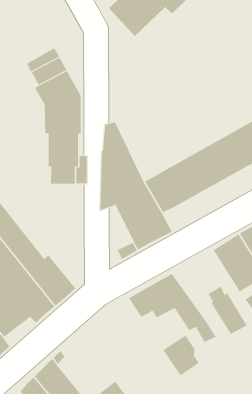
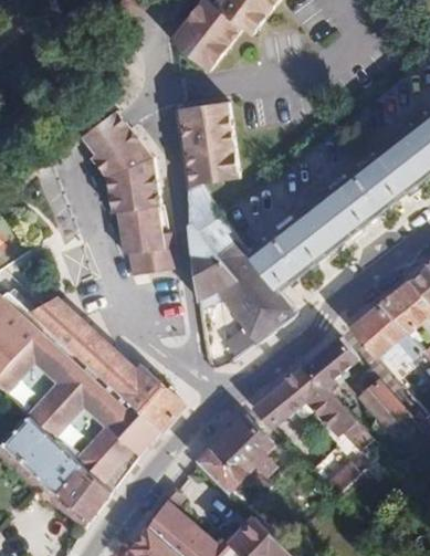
building: none -> [178,101,238,188]
building: none -> [303,335,358,387]
building: none -> [197,413,275,492]

